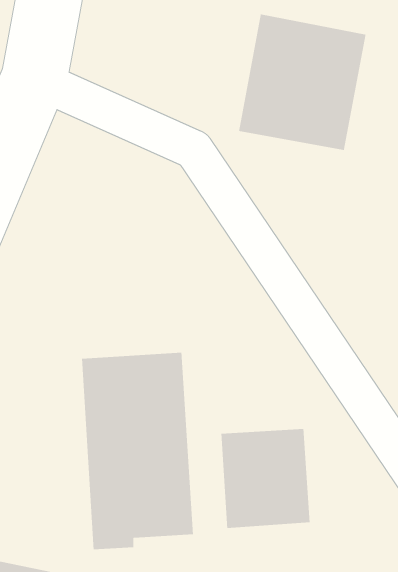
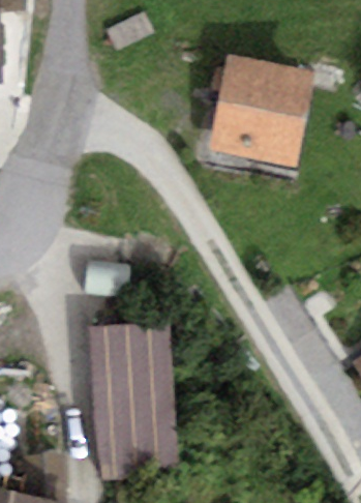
building: [220,428,311,529] -> none

